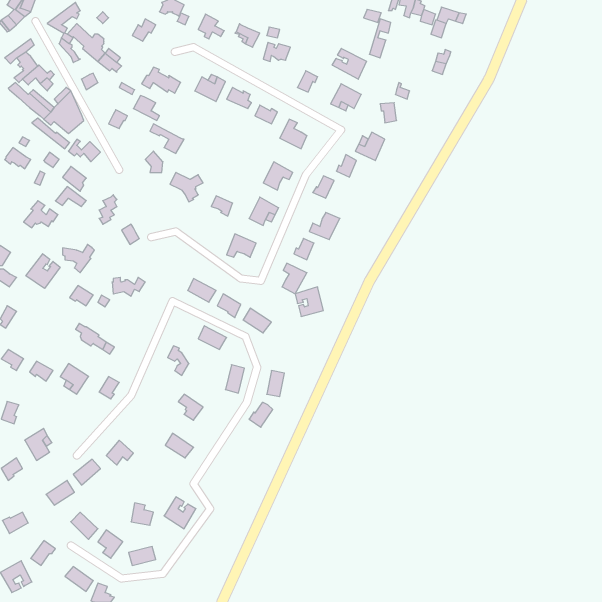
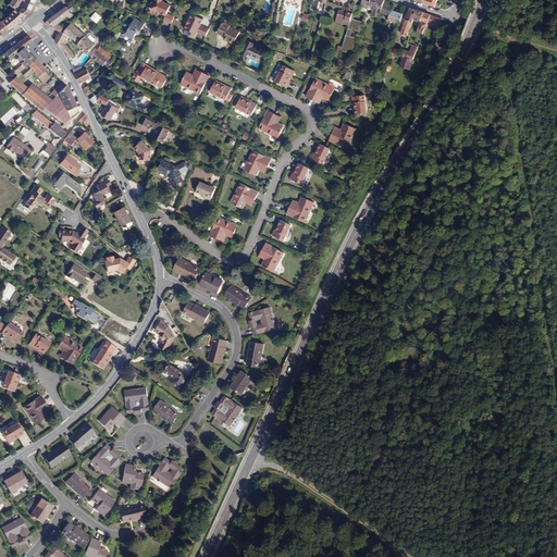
building: [332,48,367,79] -> none
building: [26,254,60,288] -> none
building: [295,287,323,316] -> [248,306,274,333]
building: none -> [123,387,148,411]
building: none -> [211,395,242,424]
building: none -> [90,444,121,474]

